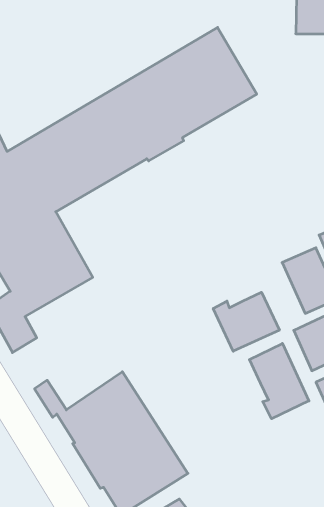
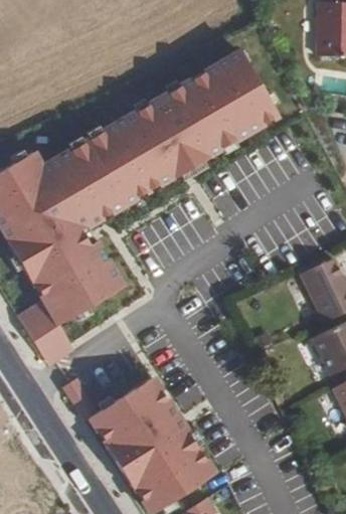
building: [213,292,279,351] -> none
building: [249,343,309,419] -> none

